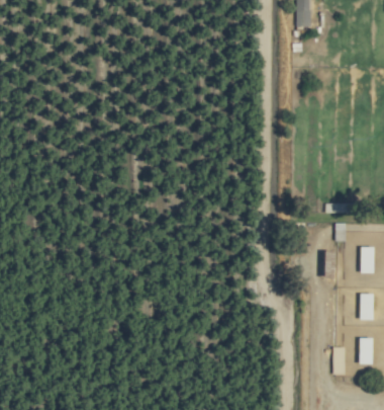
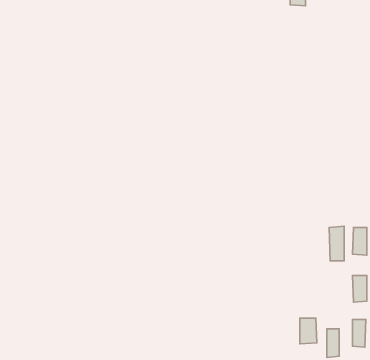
building: none -> [329,226,344,261]
building: none -> [300,318,317,344]

